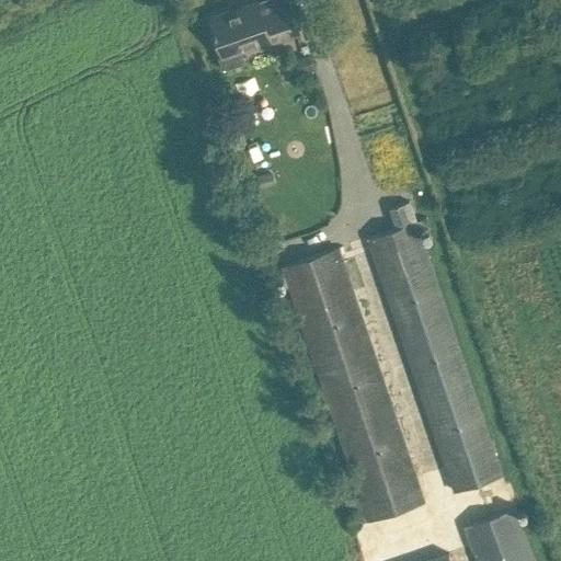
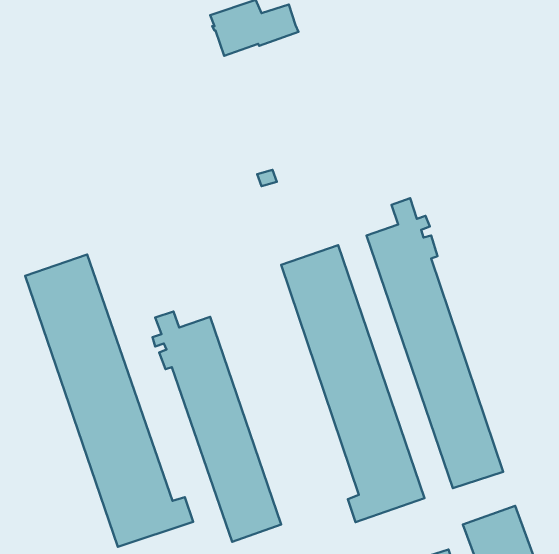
building: none -> [25,255,193,547]
building: none -> [153,311,281,542]

